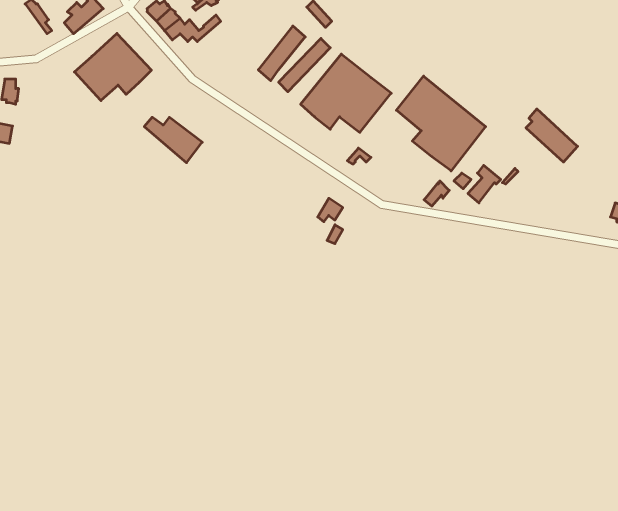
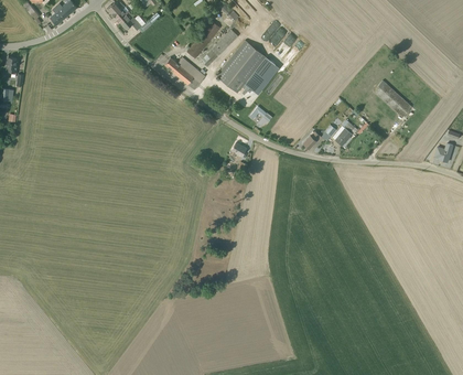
building: [74,33,151,101] -> none
building: [396,76,486,171] -> none
building: [144,117,202,163] -> [164,57,205,89]

